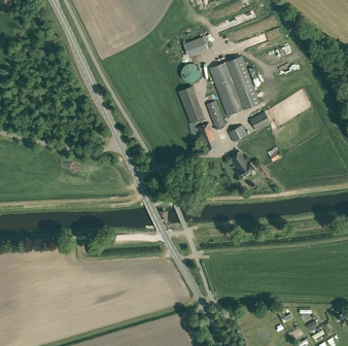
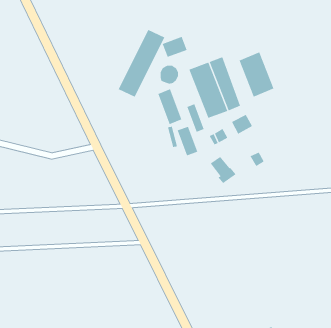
building: none -> [118,29,165,98]
building: none -> [239,52,274,97]

